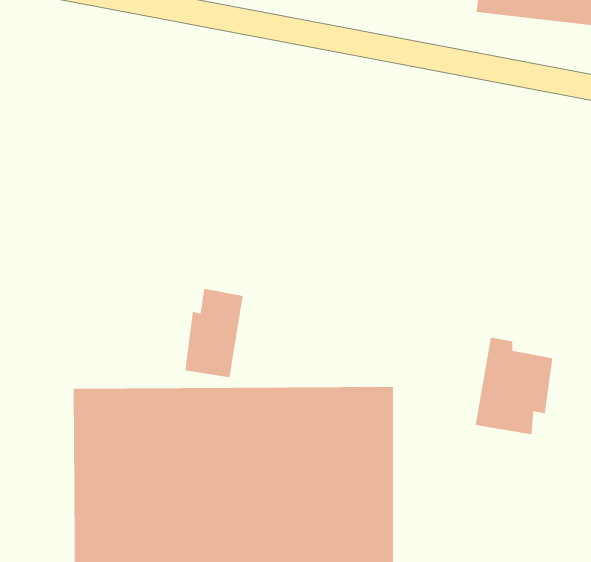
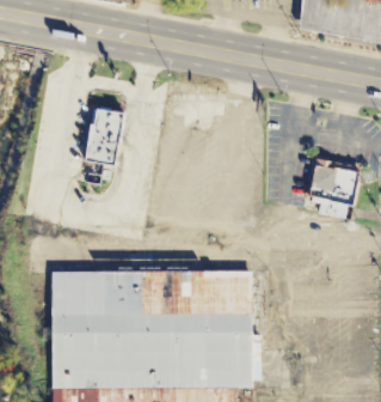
building: [184,288,244,378] -> [91,110,128,166]
building: [475,337,553,435] -> [313,160,362,221]

